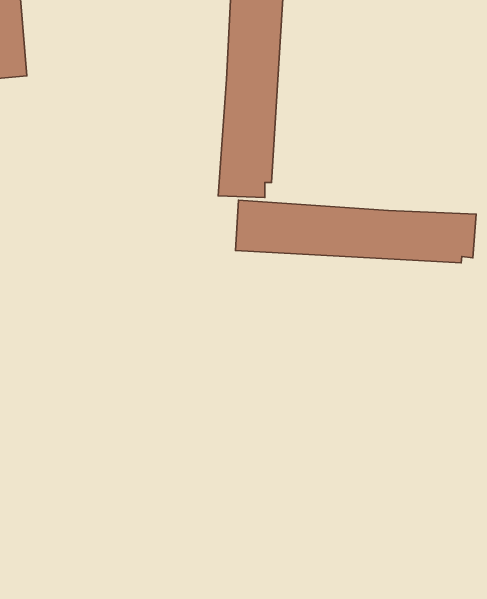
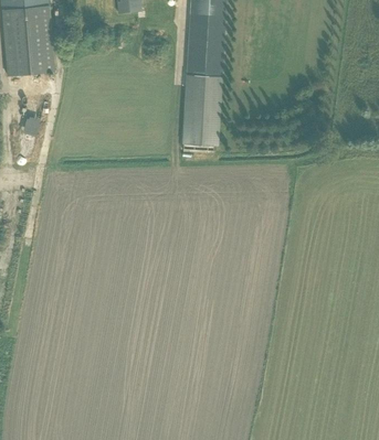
building: [236,200,476,263] -> none

